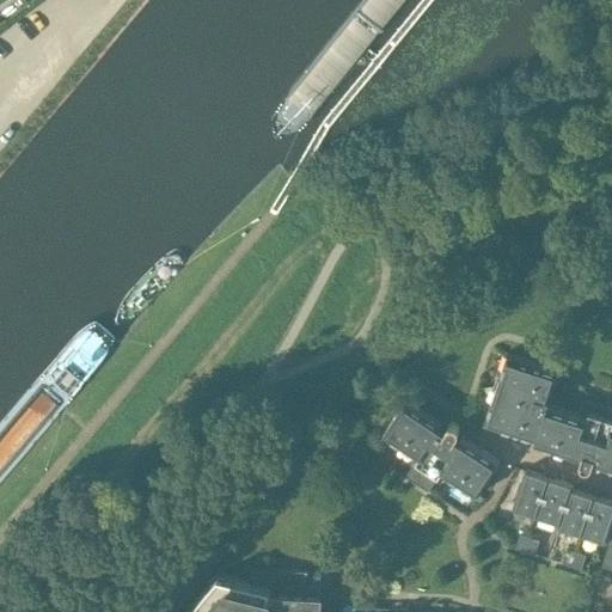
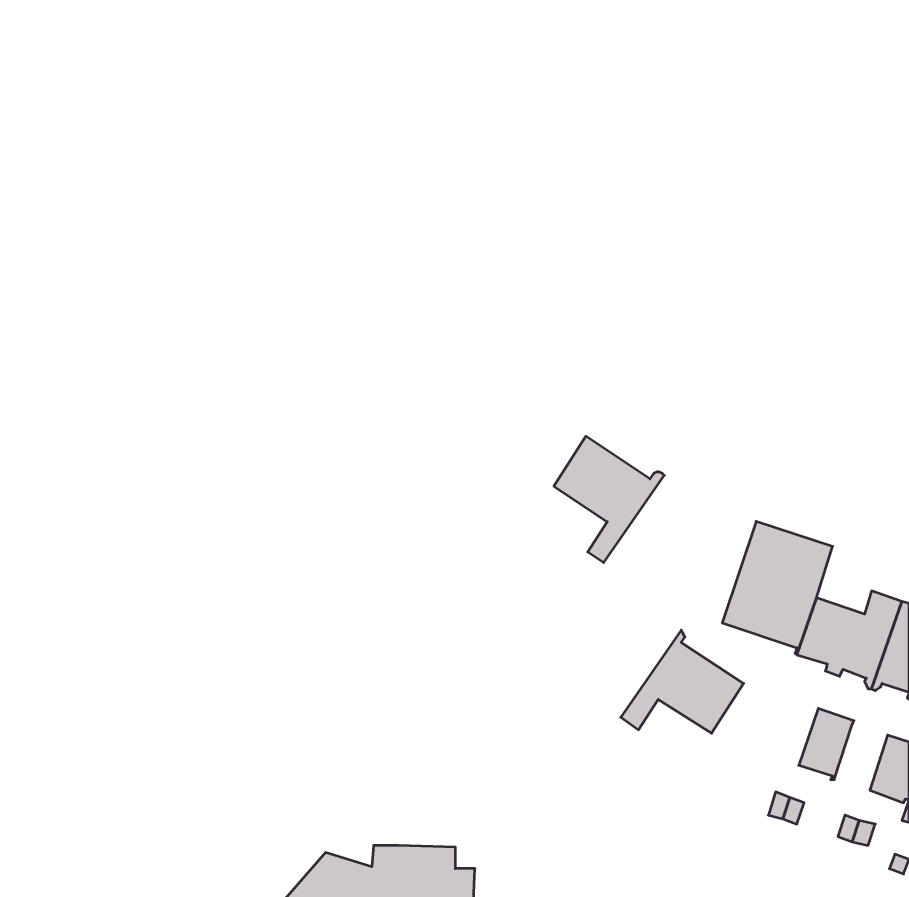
building: [384,405,458,490] -> [554,436,664,563]
building: [513,476,550,522] -> none
building: [561,495,596,539] -> none

